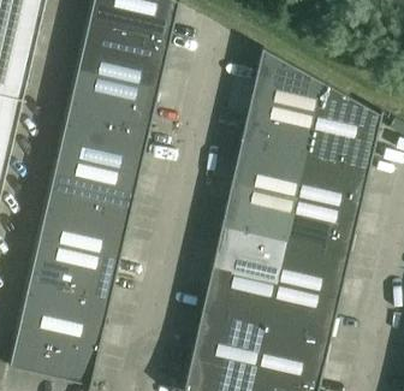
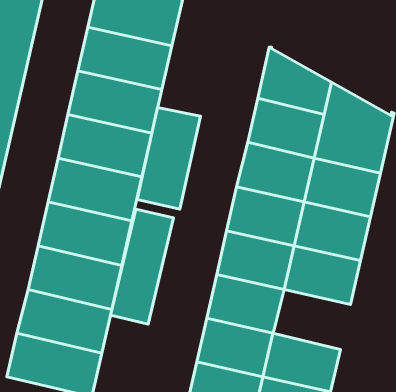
building: none -> [137,107,201,209]
building: none -> [110,209,174,324]
building: [265,283,339,340] -> none

